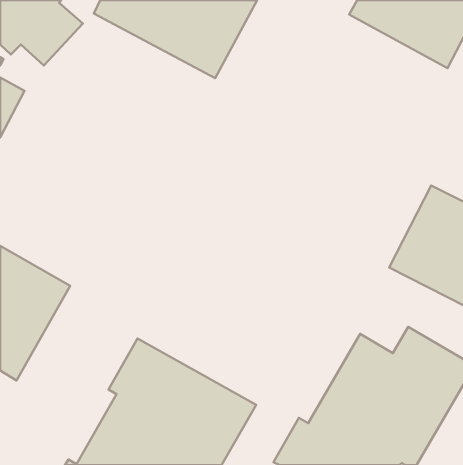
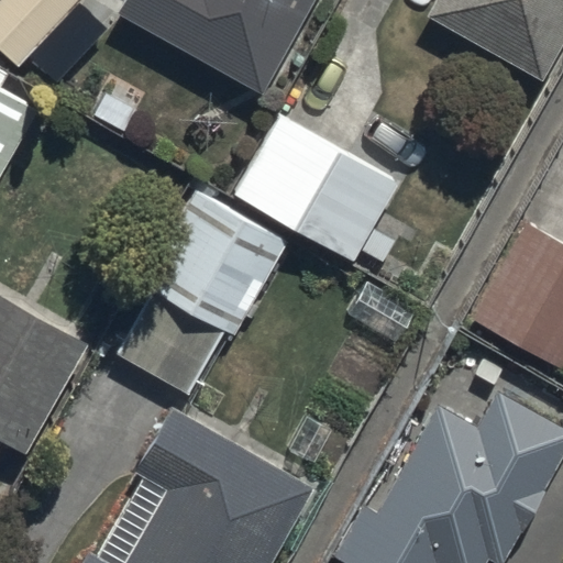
building: none -> [234,117,398,262]
building: none -> [117,189,285,394]

